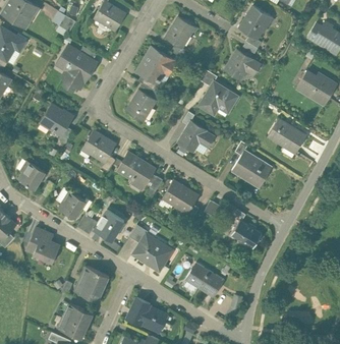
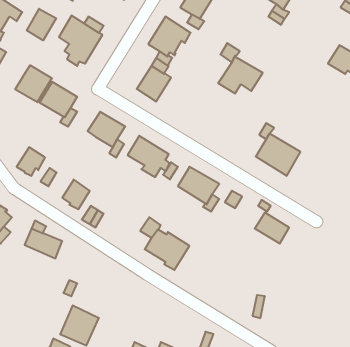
building: none -> [27,9,56,40]
building: [224,49,261,79] -> none
building: none -> [15,65,52,102]
building: [268,118,306,153] -> none
building: [177,120,215,152] -> none
building: [96,211,123,240] -> none
building: [186,264,224,296] -> none
building: [75,266,107,301] -> none
building: [126,297,167,332] -> none

